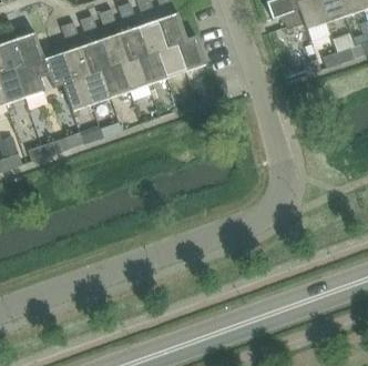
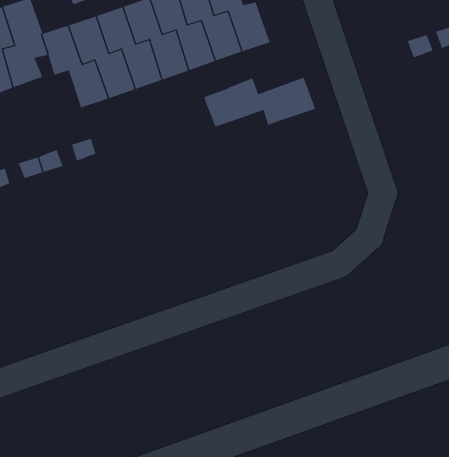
building: none -> [204,77,316,127]

